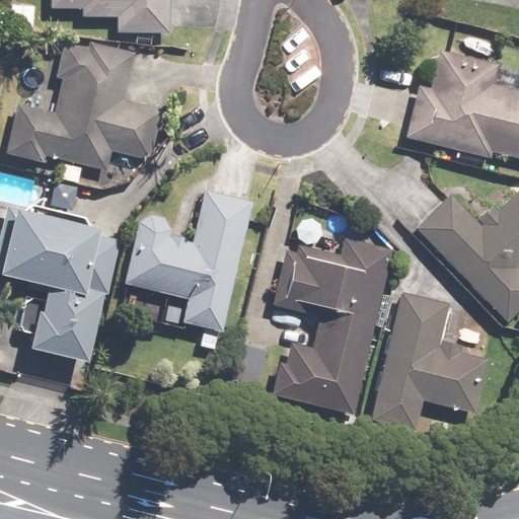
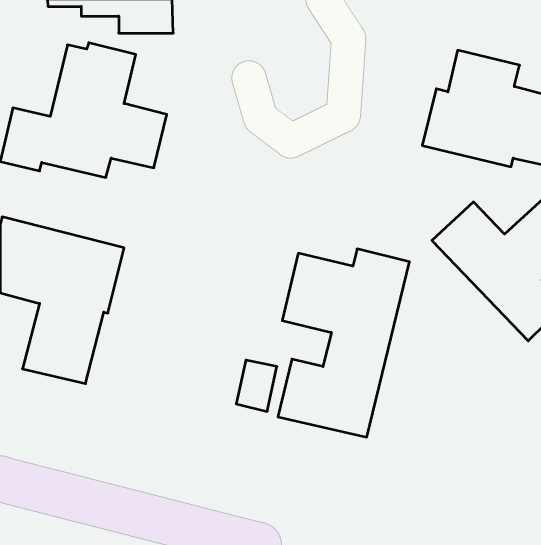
building: [124,190,254,335] -> none
building: [368,291,488,434] -> none

